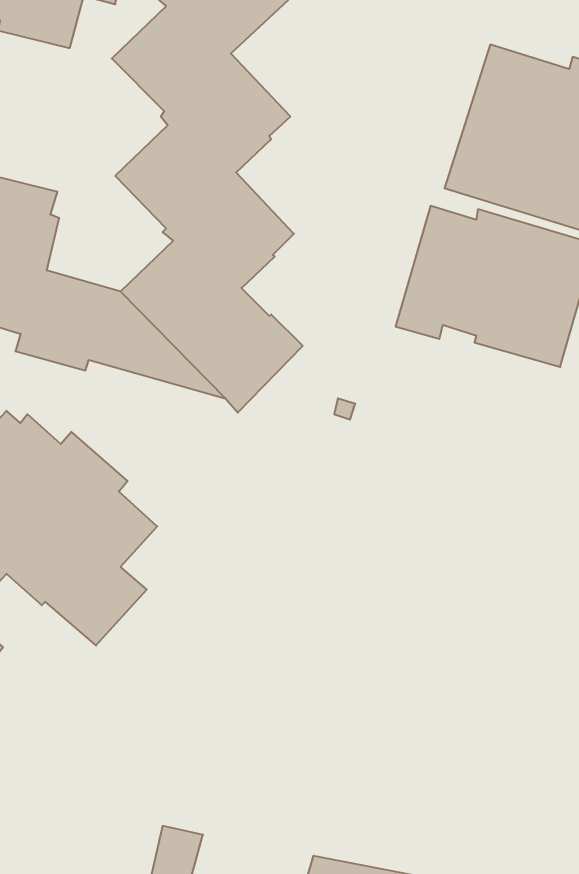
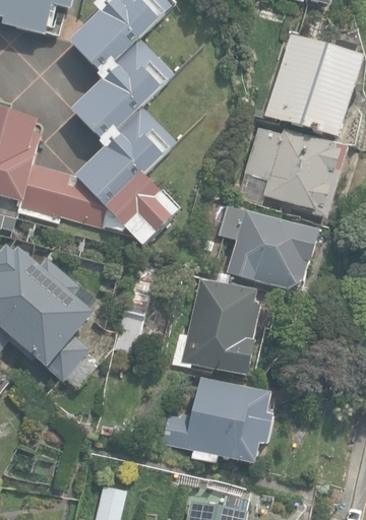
building: none -> [217,204,324,288]
building: none -> [181,276,264,375]
building: none -> [159,376,272,463]

